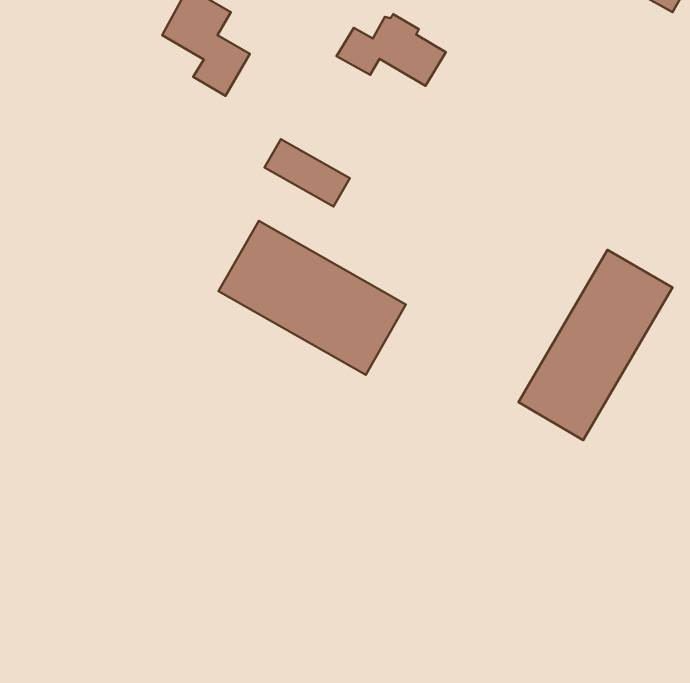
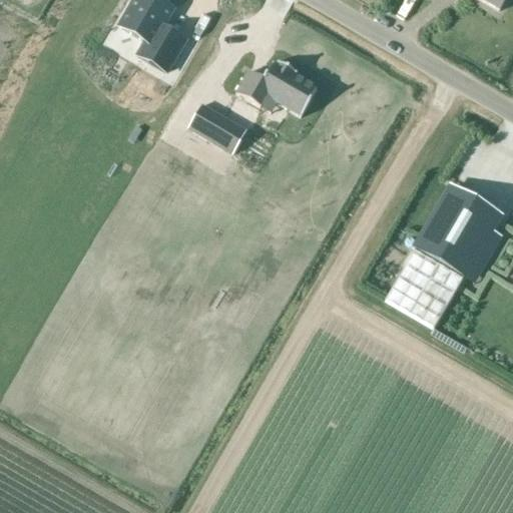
building: [336,14,446,86] -> [235,61,317,114]
building: [219,221,406,375] -> none

